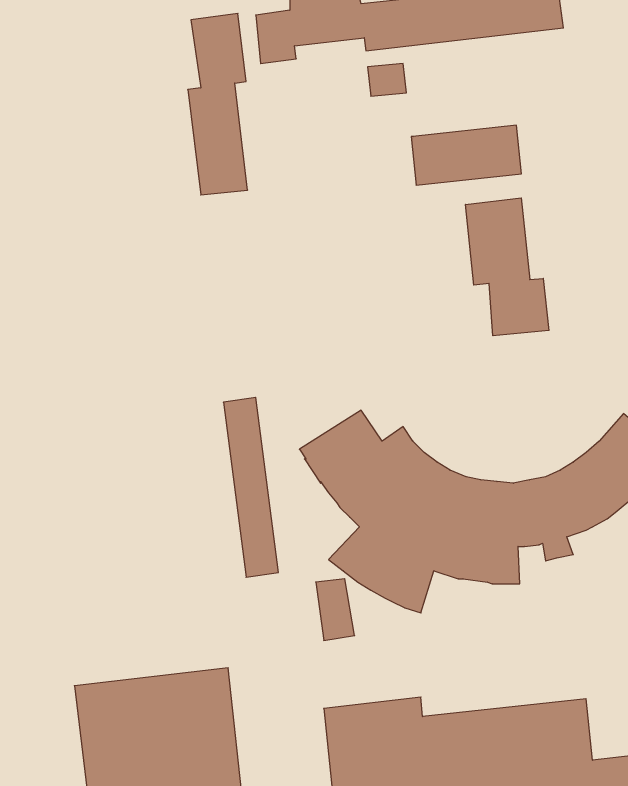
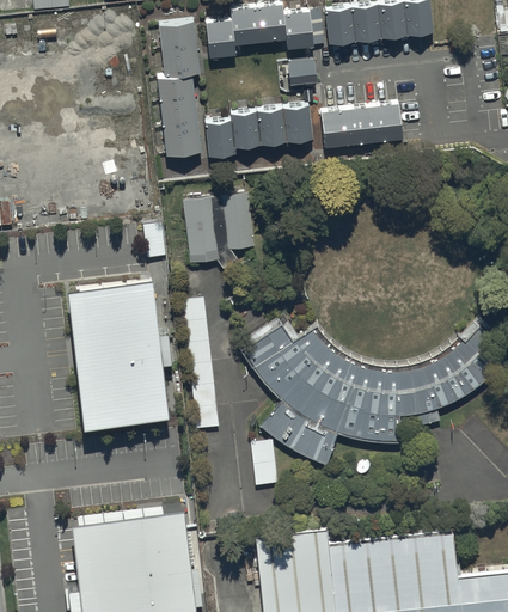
building: none -> [204,108,313,159]
building: [466,198,549,336] -> none
building: none -> [183,195,255,273]
building: none -> [68,277,169,424]

